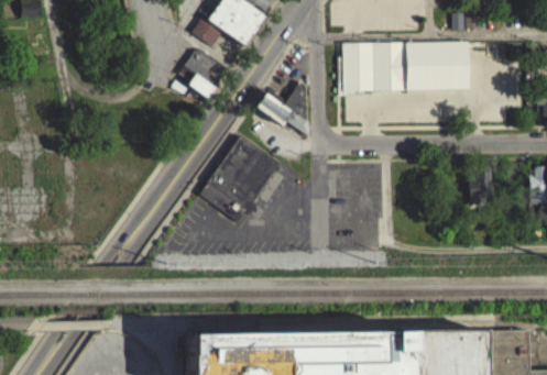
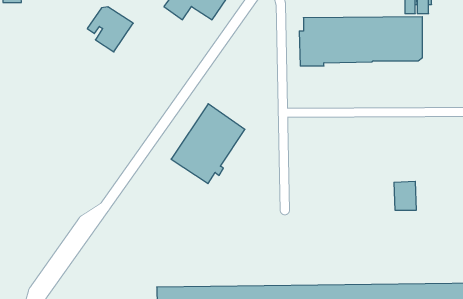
building: [179,47,229,96] -> [87,7,133,52]
building: [253,79,310,133] -> none
building: [469,176,493,207] -> [394,181,416,210]

